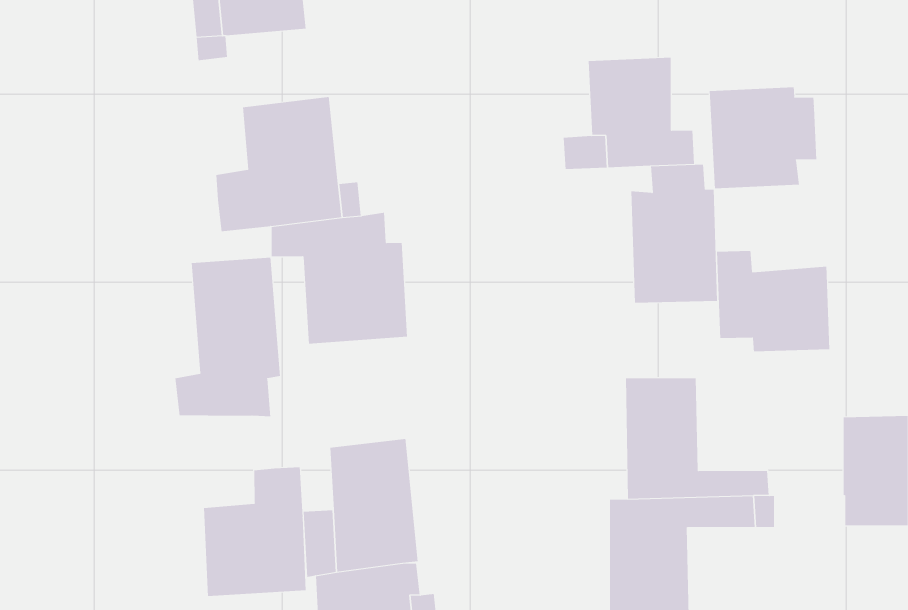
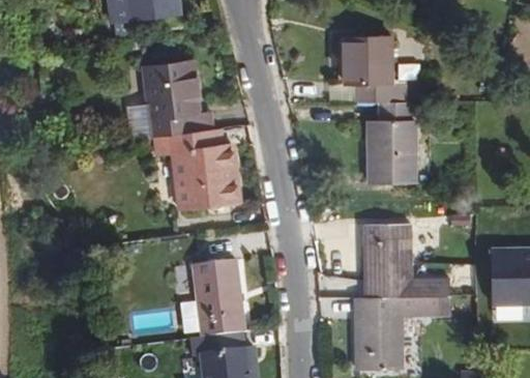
building: [709,87,817,189] -> none
building: [716,250,830,352] -> none
building: [175,257,280,417] -> none
building: [204,467,306,597] -> none

